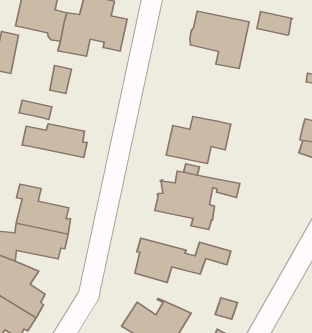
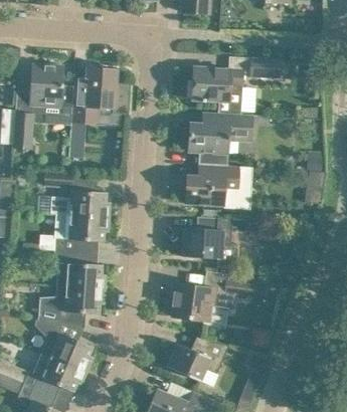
building: none -> [188,114,269,166]
building: none -> [39,214,109,251]

